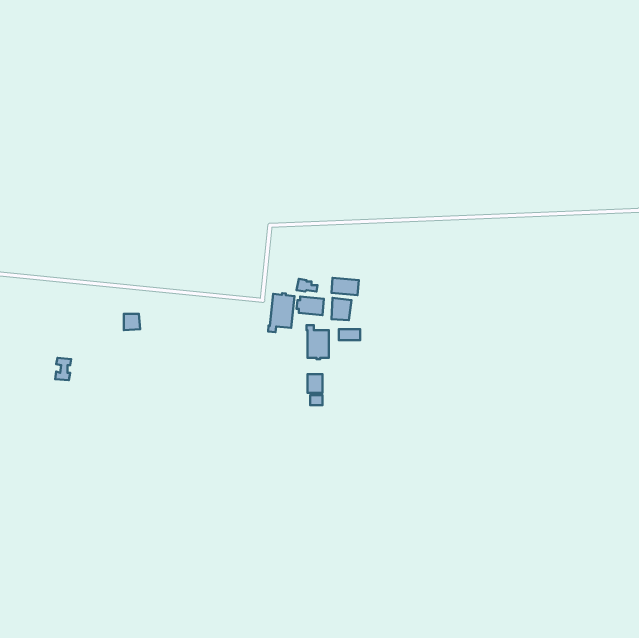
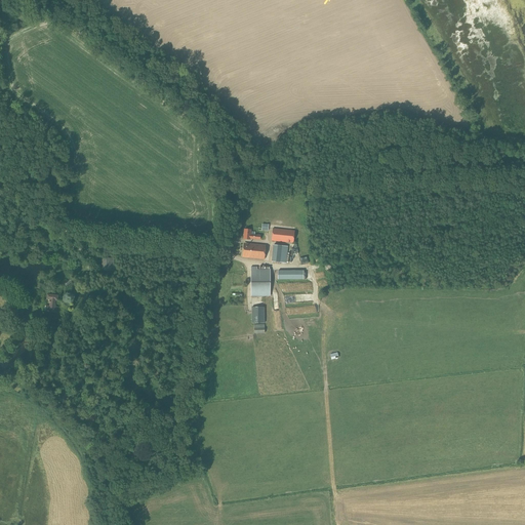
building: [268,293,294,332] -> none

